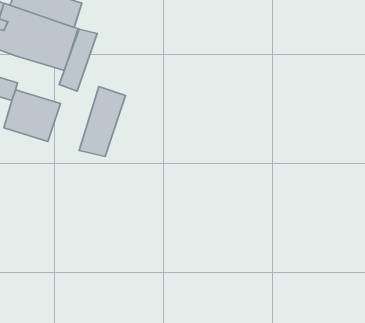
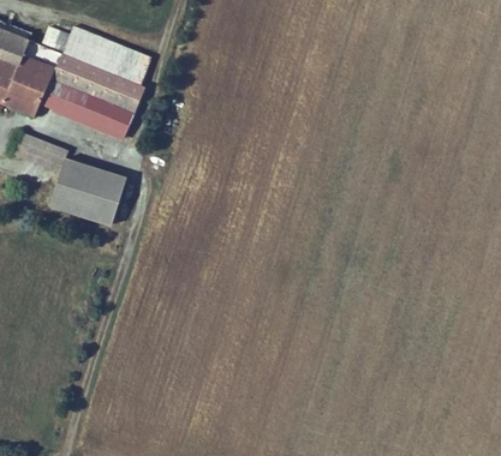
building: [59,29,97,91] -> none
building: [79,87,126,157] -> none

